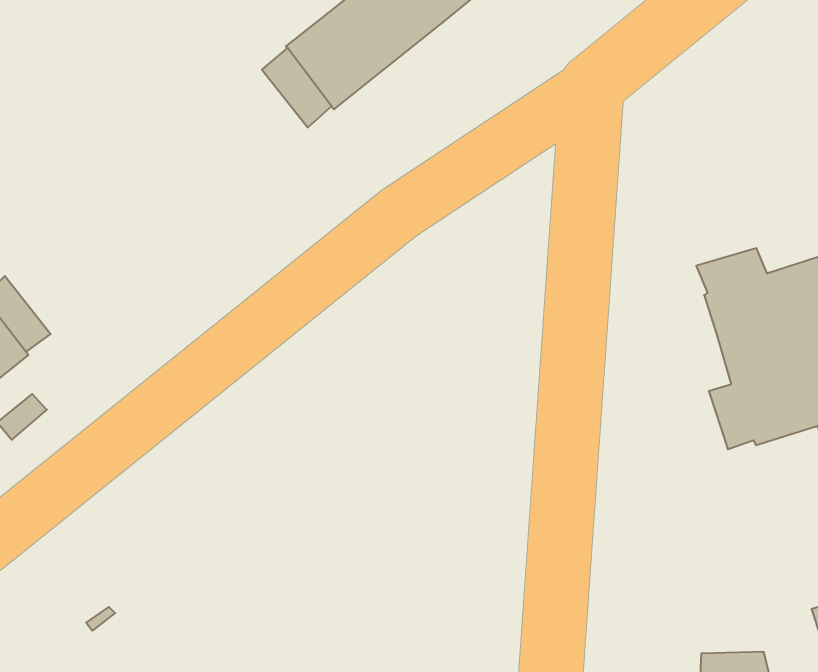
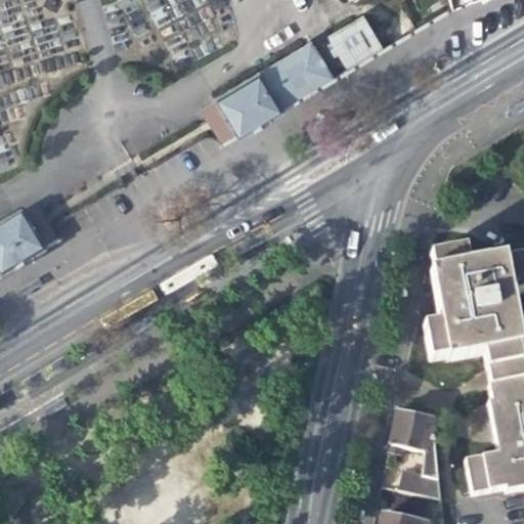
building: none -> [389,412,437,468]

